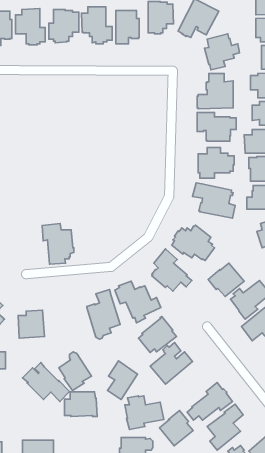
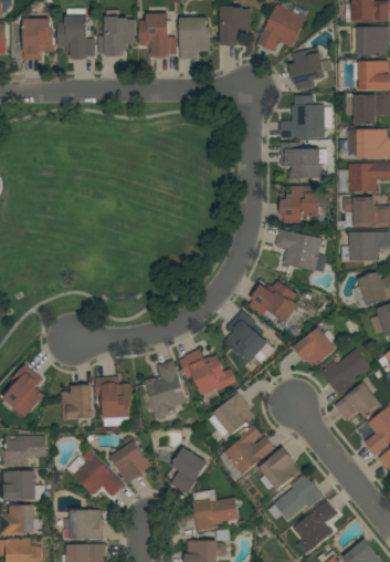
building: [42,224,74,264] -> [96,376,135,426]
building: [65,392,97,416] -> [64,510,104,540]
building: [160,411,193,446] -> [260,447,301,490]

